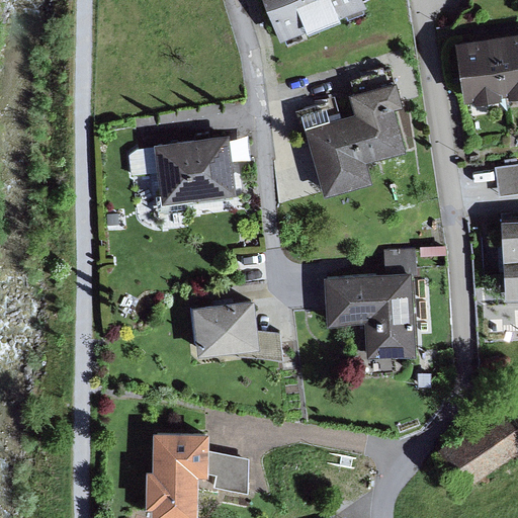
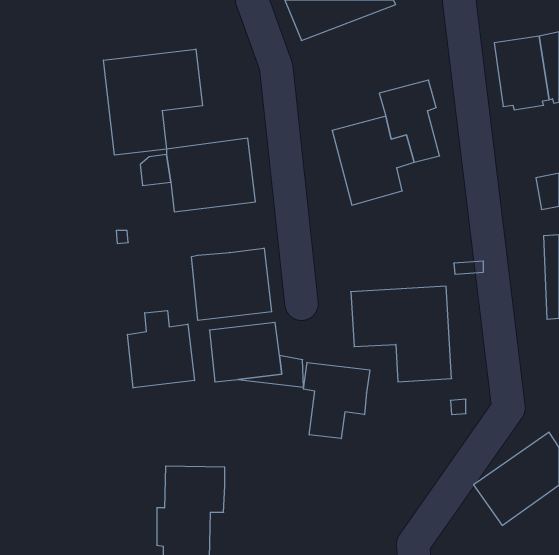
building: none -> [104,49,202,155]
building: none -> [192,248,272,320]
building: none -> [128,311,194,388]
building: none -> [303,362,370,439]
building: [206,453,249,496] -> none

